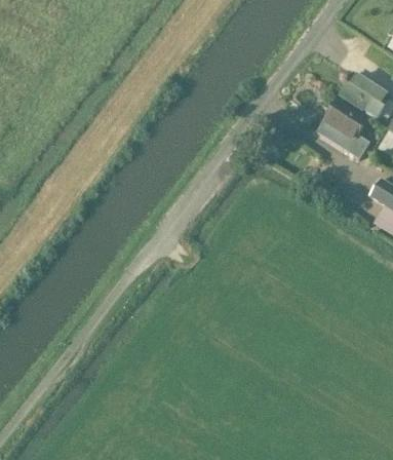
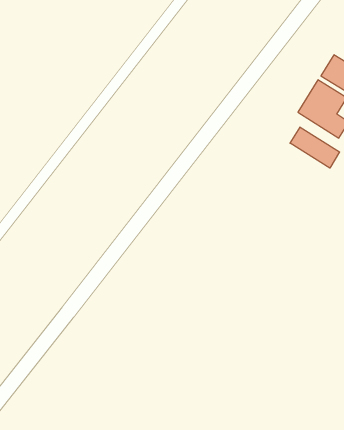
building: none -> [290,127,340,168]

